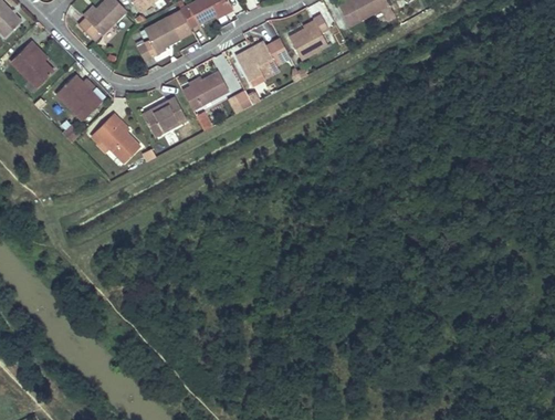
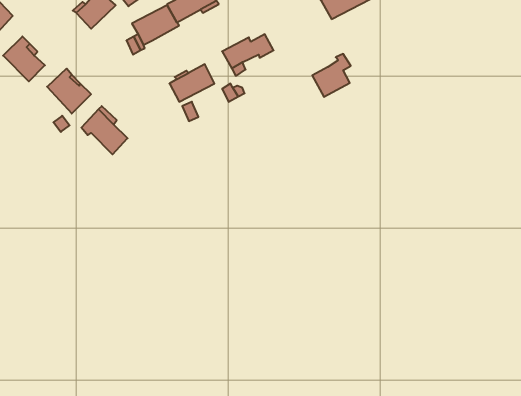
building: [289,15,328,60] -> [312,54,351,97]
building: [143,97,187,136] -> none

